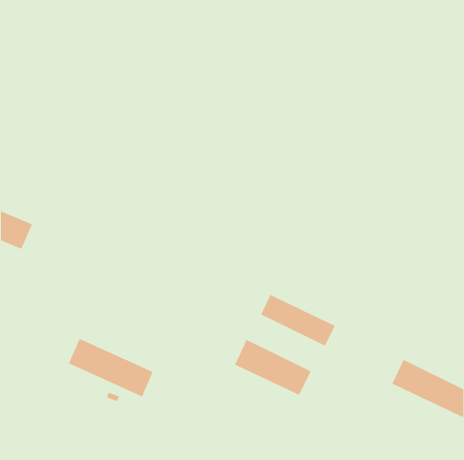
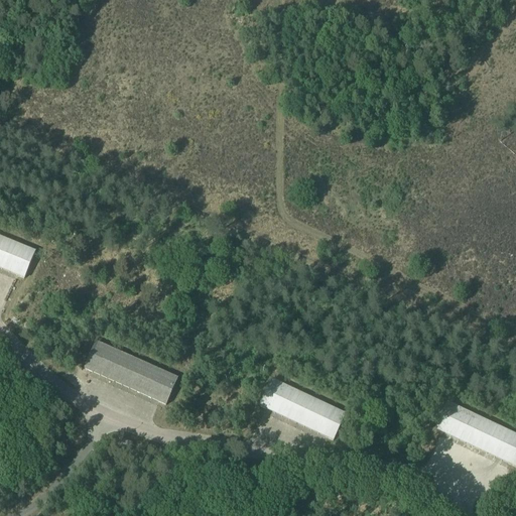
building: [260,294,336,346] -> none
building: [68,338,154,397] -> [84,339,178,404]

